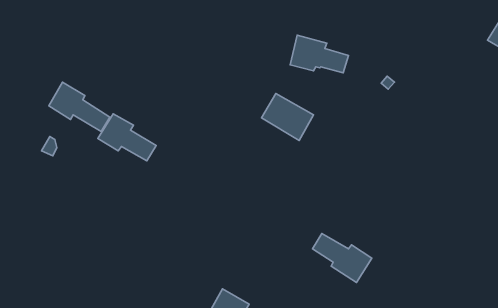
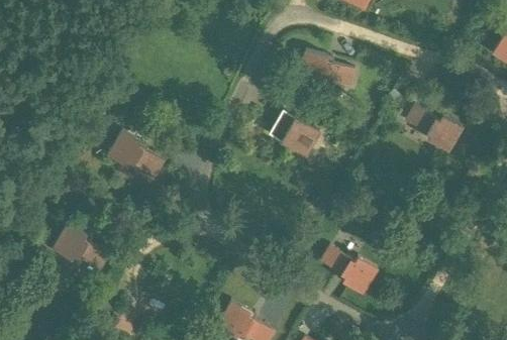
building: [49,82,110,132] -> none
building: none -> [407,104,464,151]
building: none -> [54,222,110,269]

